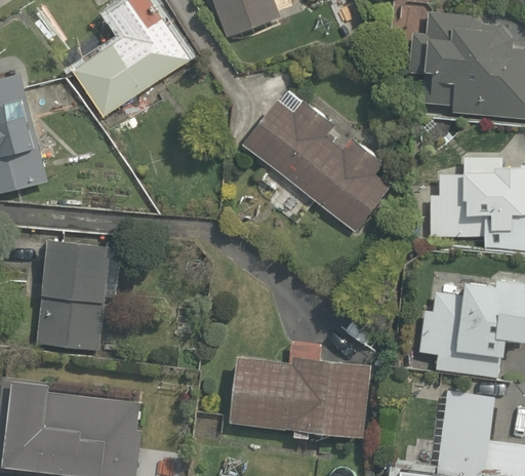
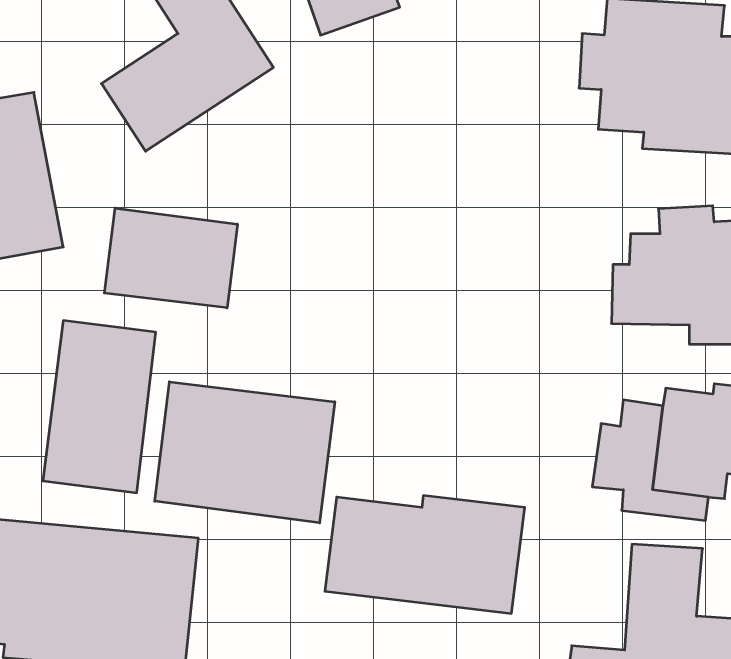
building: [244,88,391,234] -> none
building: none -> [104,208,237,308]
building: none -> [155,382,335,523]

